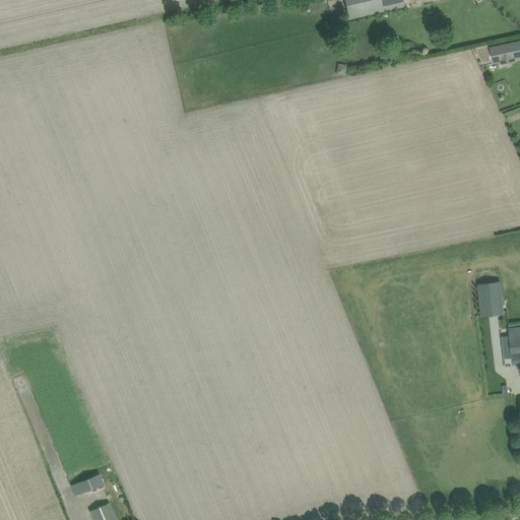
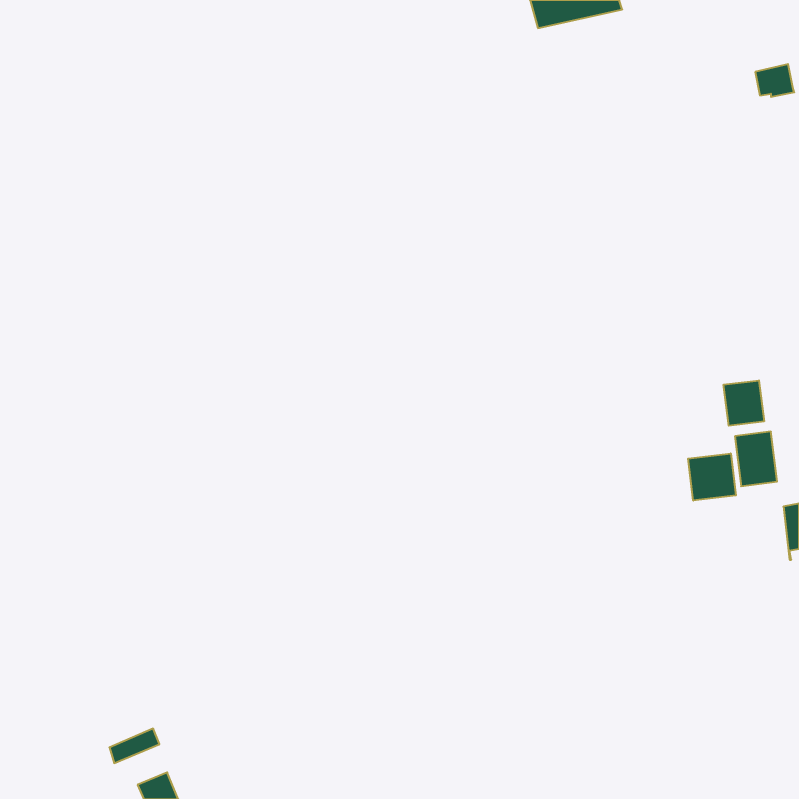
building: none -> [724,380,764,426]
building: none -> [688,453,736,501]

